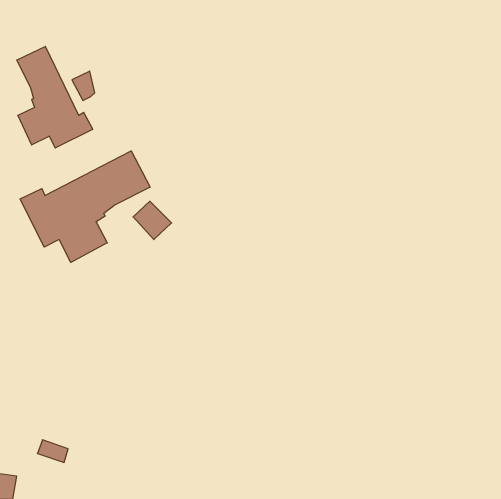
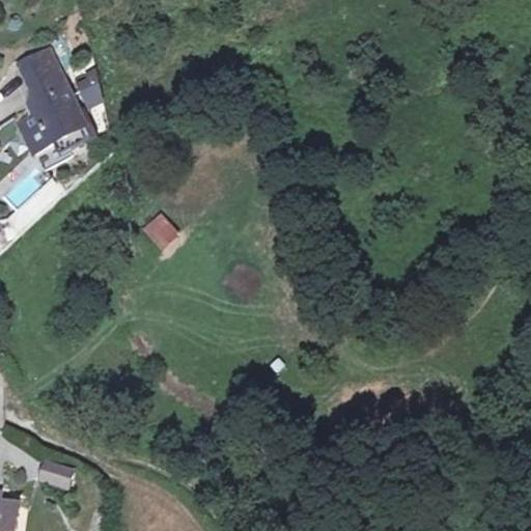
building: [20,151,150,262] -> none

